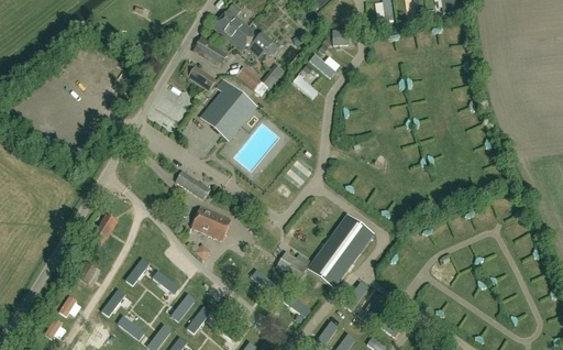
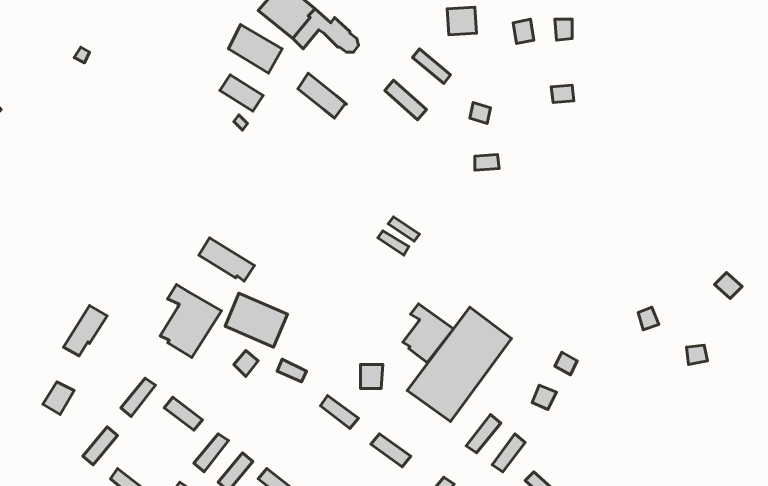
building: [200,84,256,141] -> none
building: none -> [160,284,222,358]
building: none -> [403,304,453,362]

